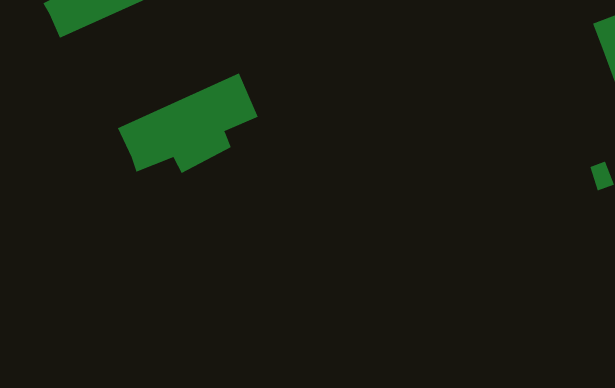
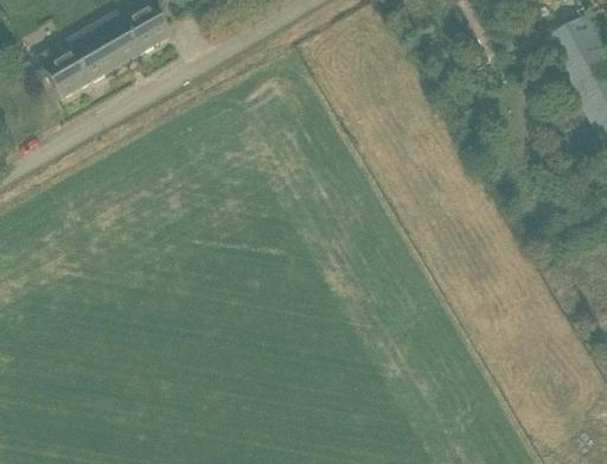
building: [117,72,258,174] -> none

